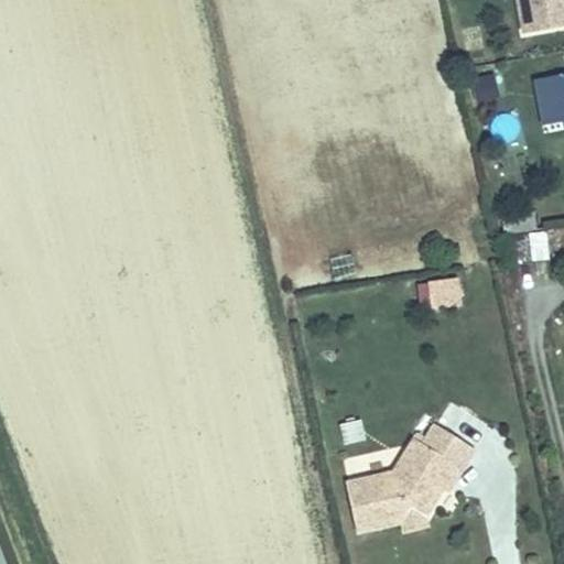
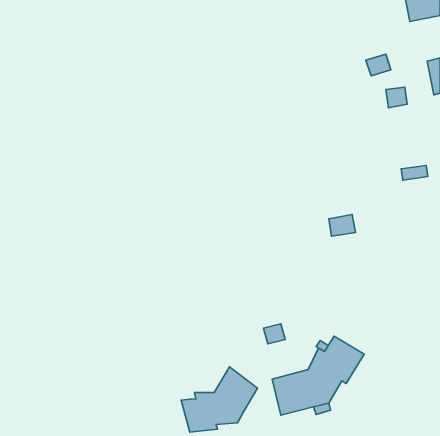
building: none -> [181,367,257,432]

